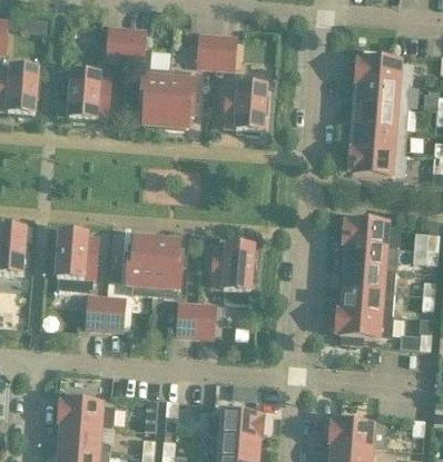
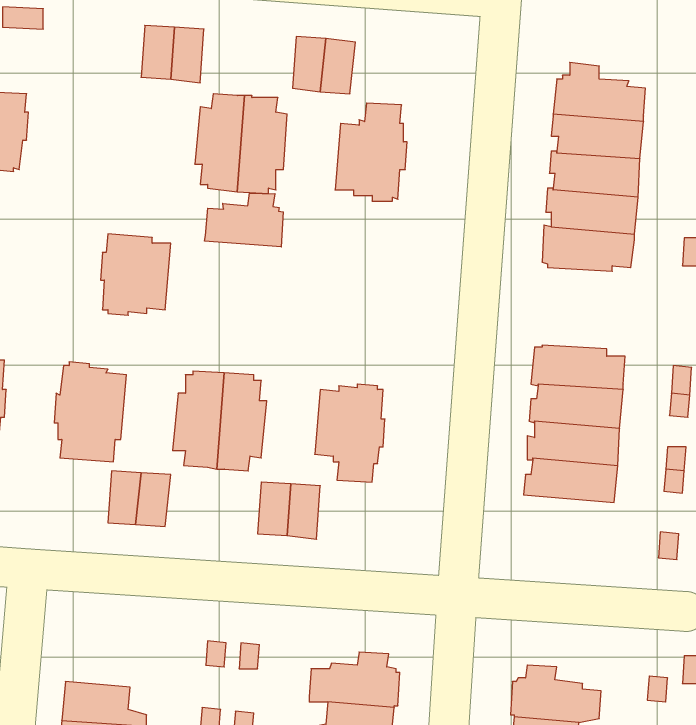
building: [68,72,110,121] -> [101,234,171,315]
building: none -> [205,193,283,247]
building: [335,311,392,338] -> none
building: [58,393,112,427] -> none

